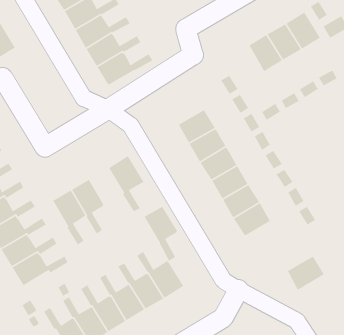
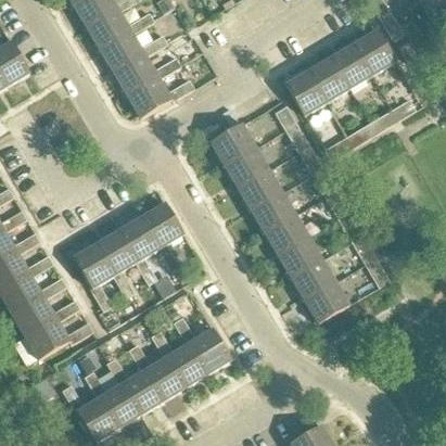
building: none -> [285,69,328,116]
building: none -> [211,124,256,165]
building: [144,206,178,262] -> [118,217,160,284]
building: [287,255,325,291] -> [305,281,351,323]

